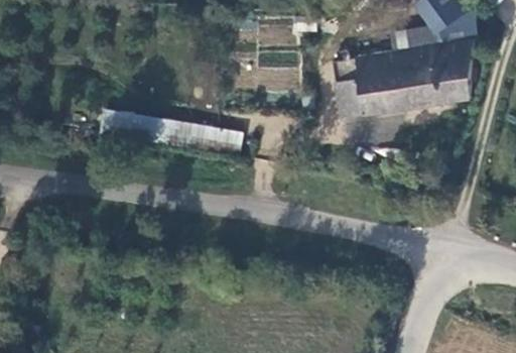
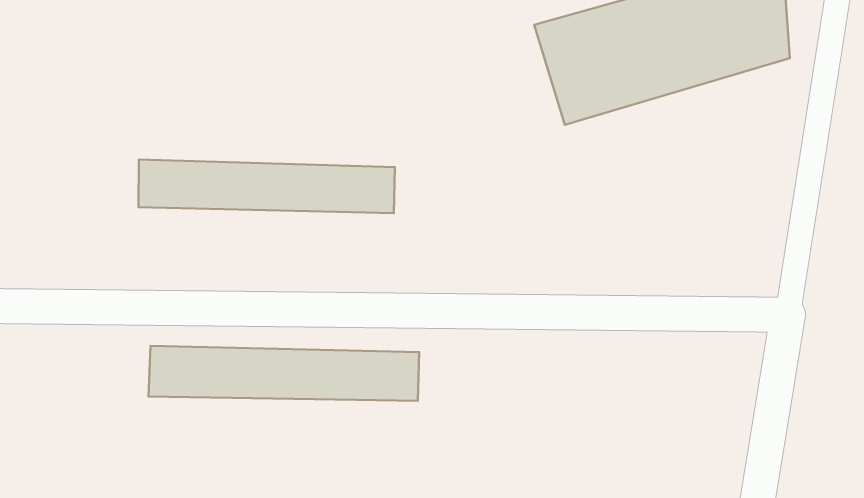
building: none -> [149,346,419,401]

